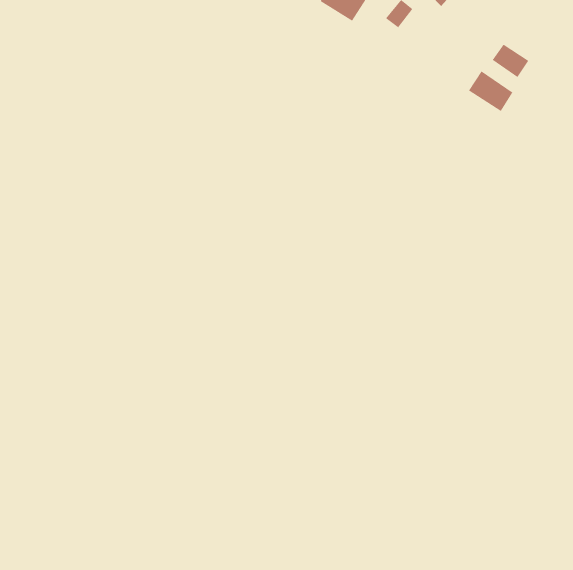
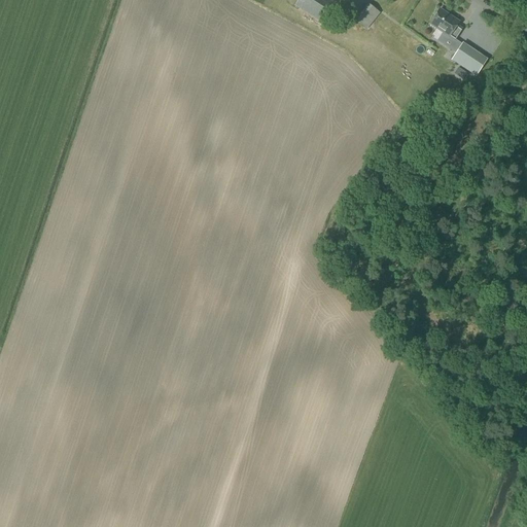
building: none -> [427,5,459,37]
building: [468,70,513,112] -> none

